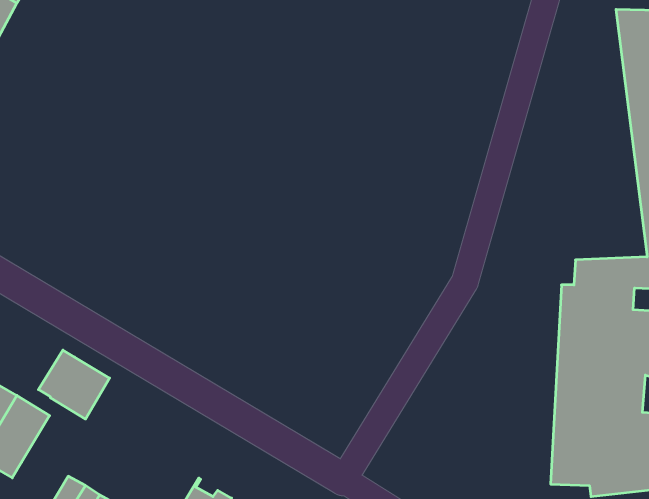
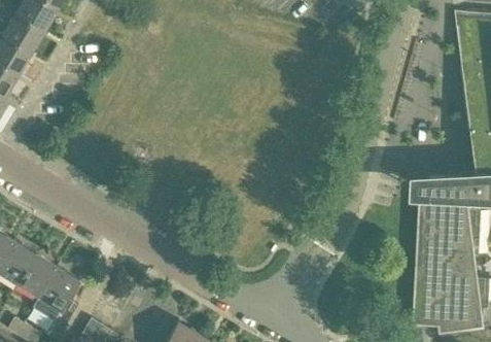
building: [38,350,110,419] -> none

